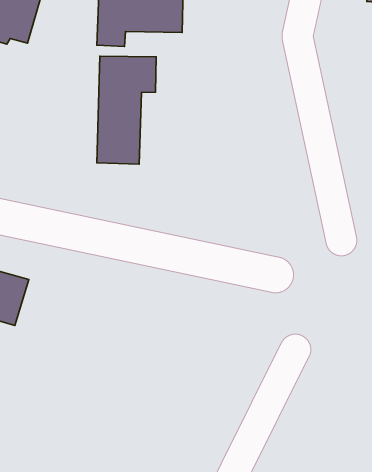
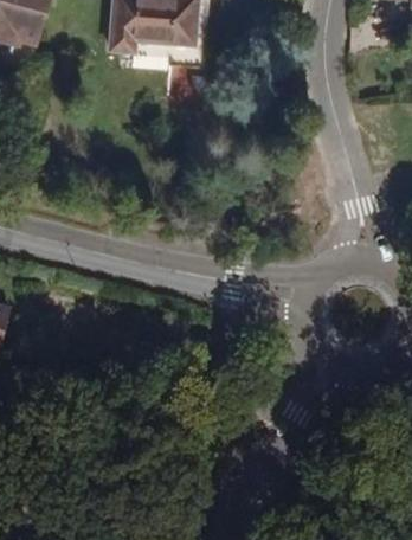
building: [97,56,156,164] -> none

